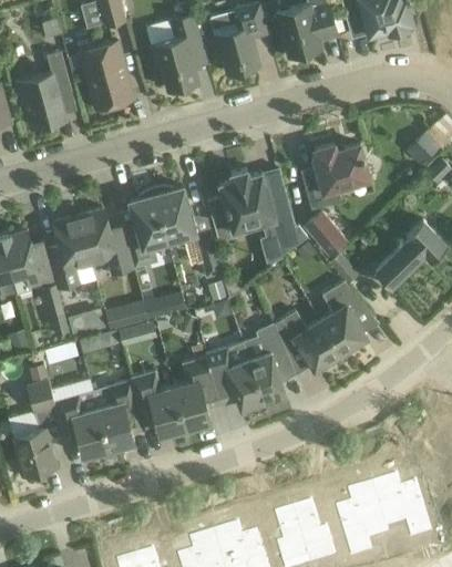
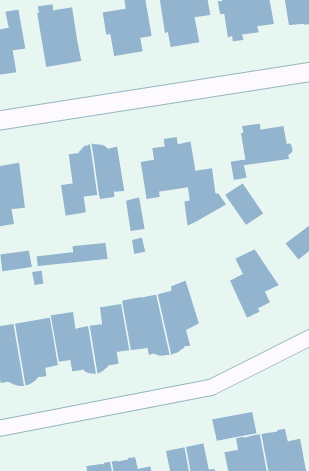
building: [79,209,134,276] -> none
building: [274,311,342,370] -> none
building: none -> [212,411,257,441]

